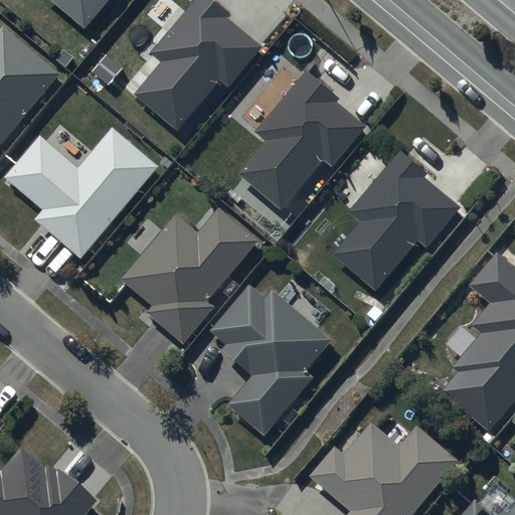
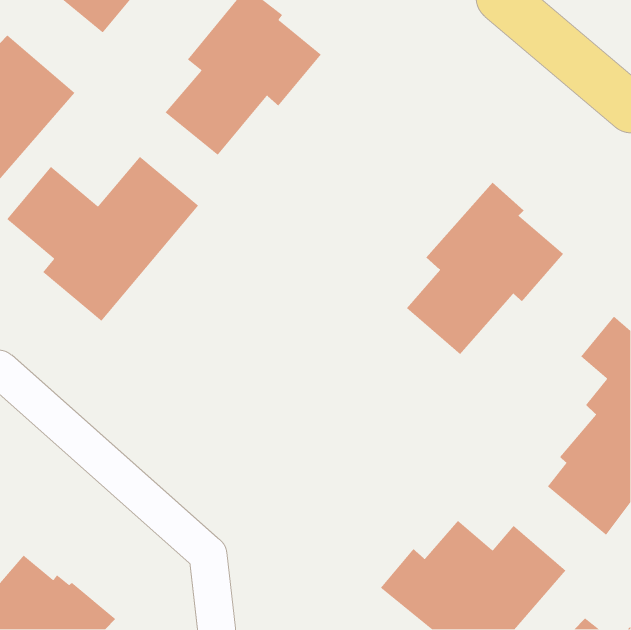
building: [237,67,364,207] -> none
building: [121,208,261,345] -> none
building: [212,285,335,436] -> none

